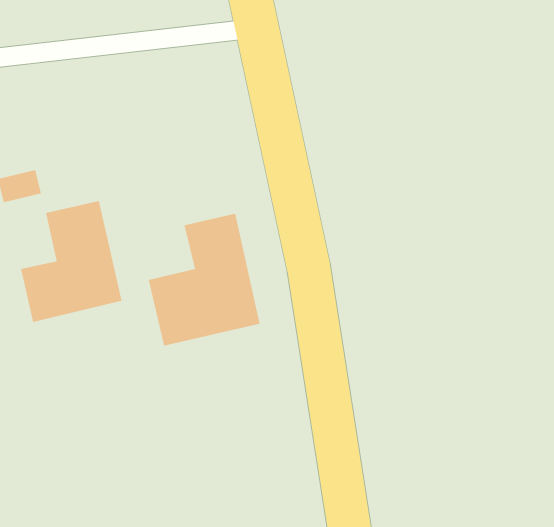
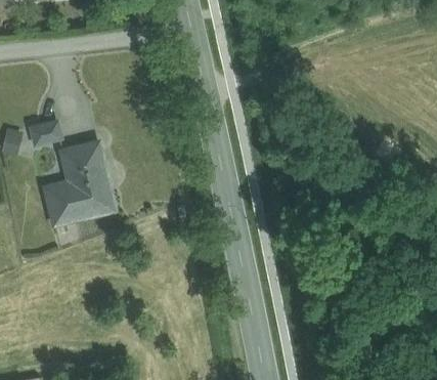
building: [148,213,260,346] -> none

